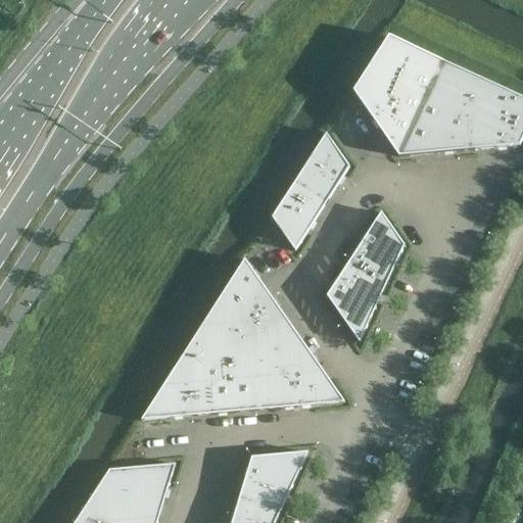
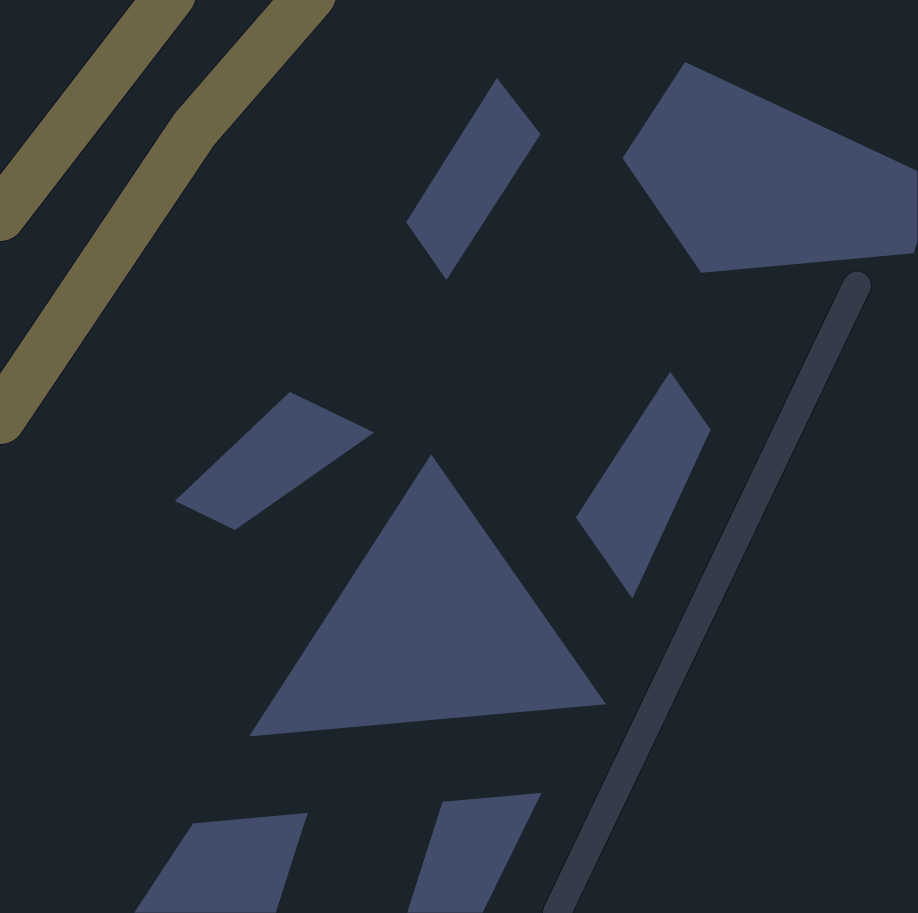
building: [272,133,349,249] -> [405,77,542,282]
building: none -> [174,391,376,531]

